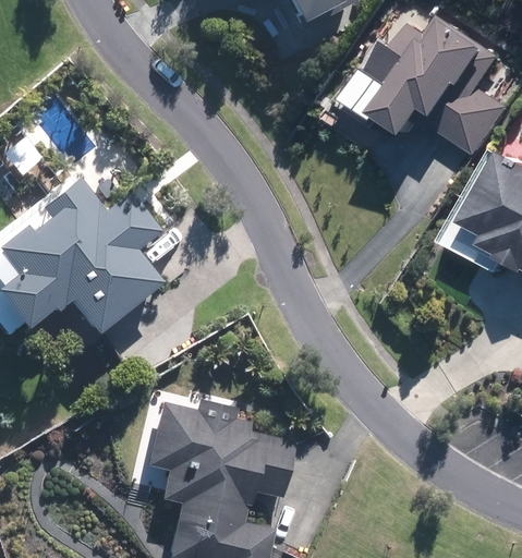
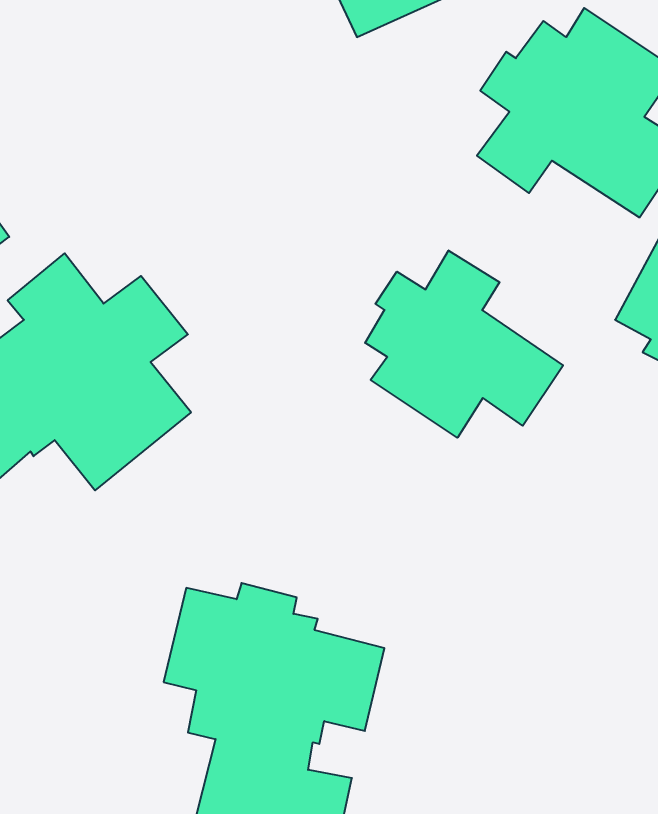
building: none -> [365,250,563,438]

